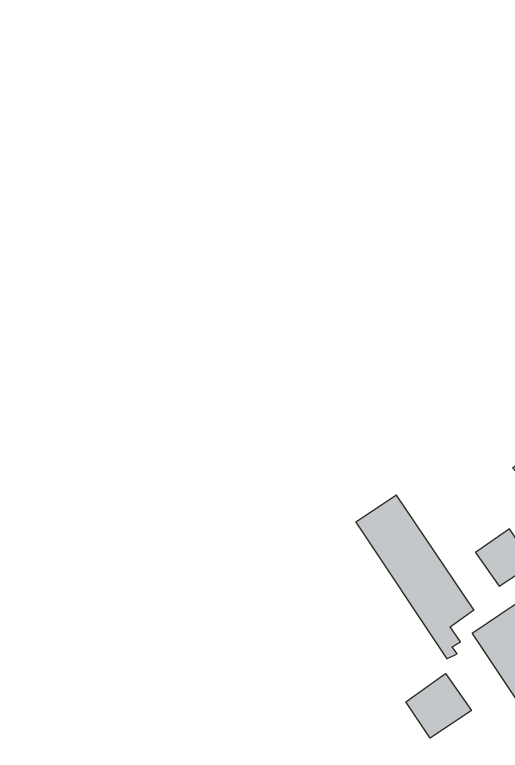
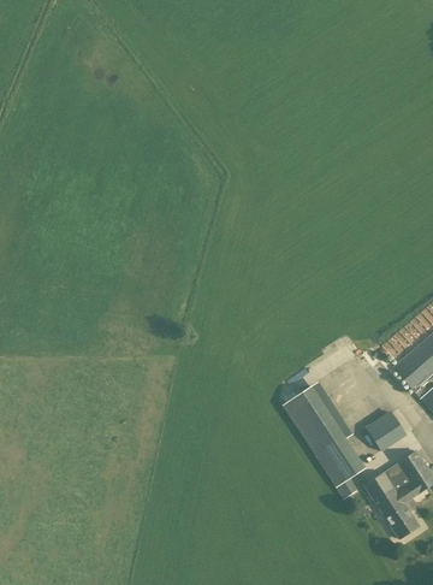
building: [406,674,471,738] -> none

